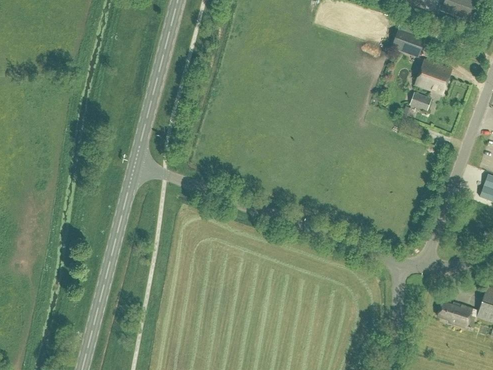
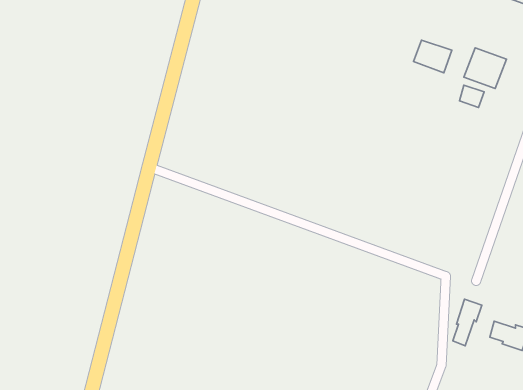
building: [391,29,425,58] -> [414,40,452,73]
building: none -> [453,299,482,346]

